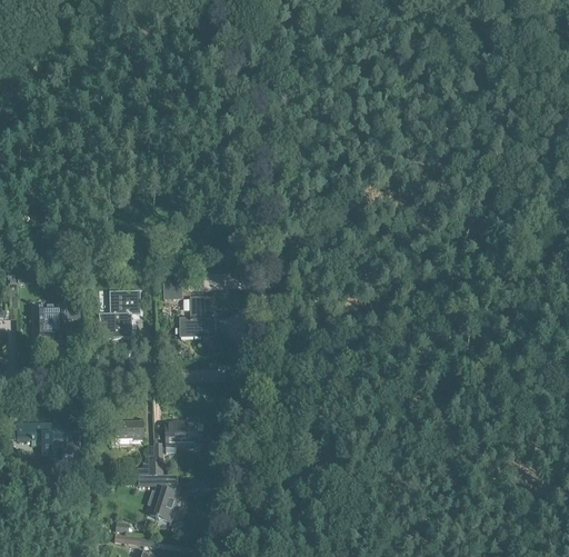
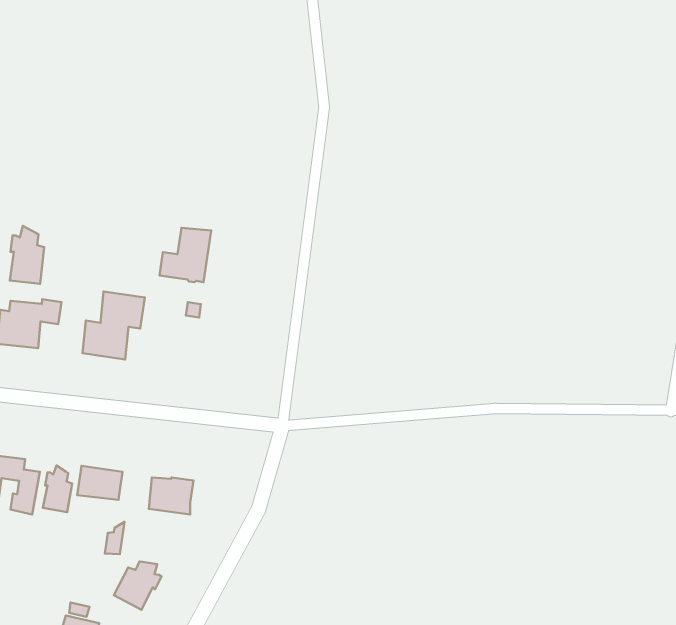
building: none -> [10,226,44,284]
building: [179,296,212,336] -> [159,228,211,282]
building: none -> [43,465,72,512]

